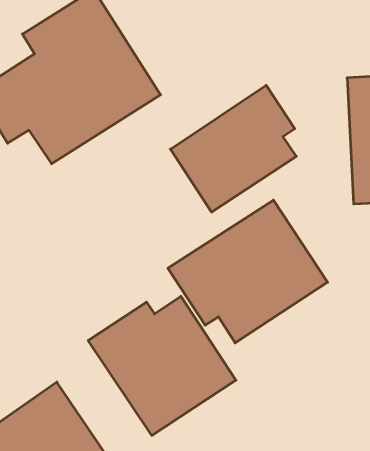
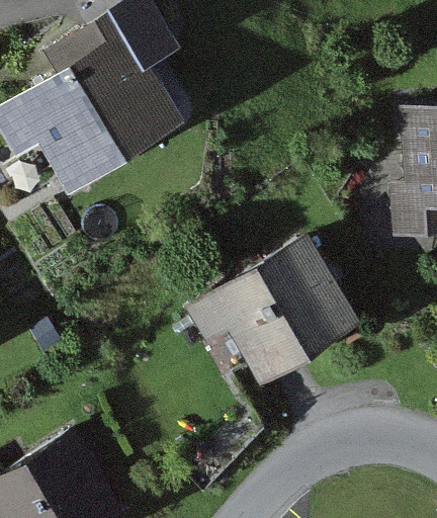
building: [170,85,296,212] -> none
building: [88,296,236,435] -> none

